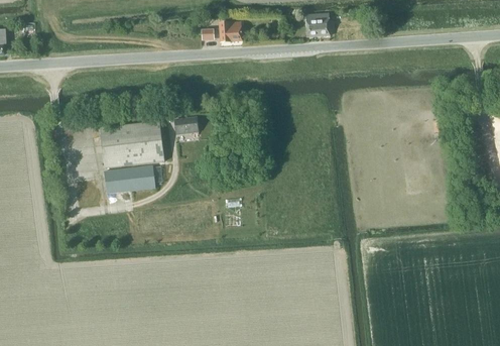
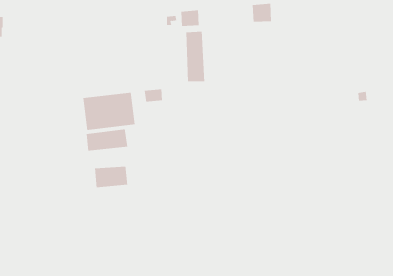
building: none -> [186,31,205,82]
building: none -> [95,166,128,188]

